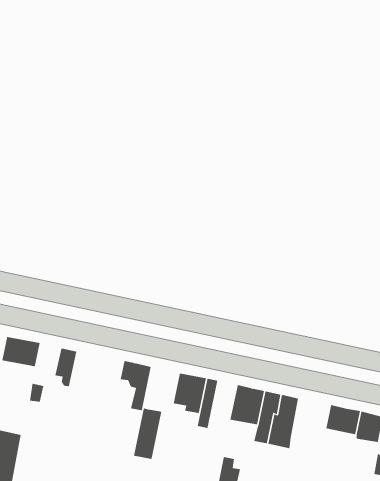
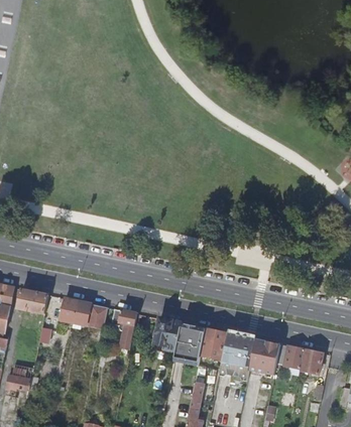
building: none -> [72,301,108,332]
building: none -> [249,338,280,375]
building: [133,408,162,460] -> [183,324,206,366]

